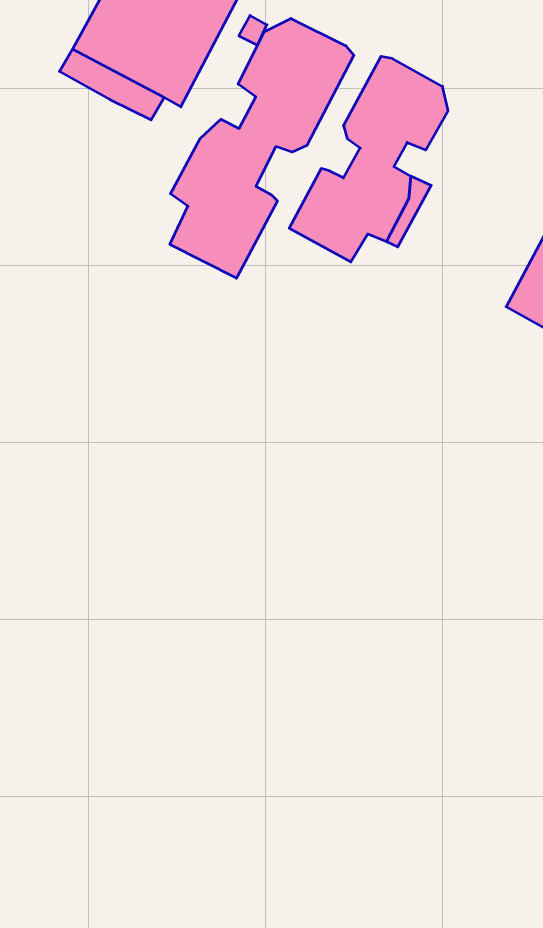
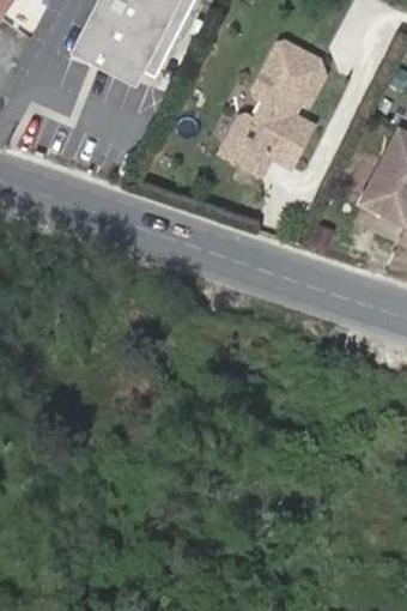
building: [170,18,354,278] -> none

